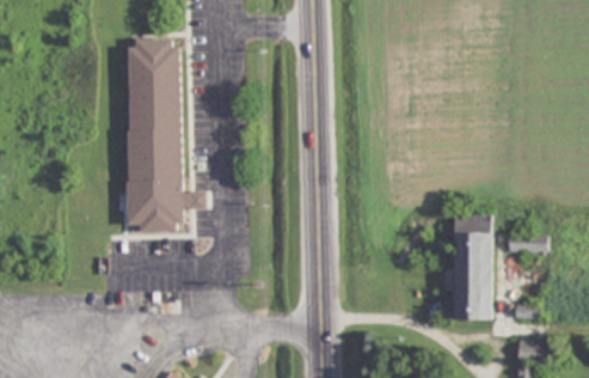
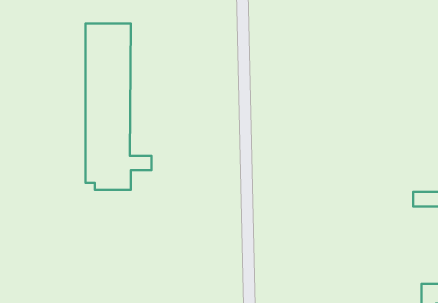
building: [453,213,492,319] -> none

